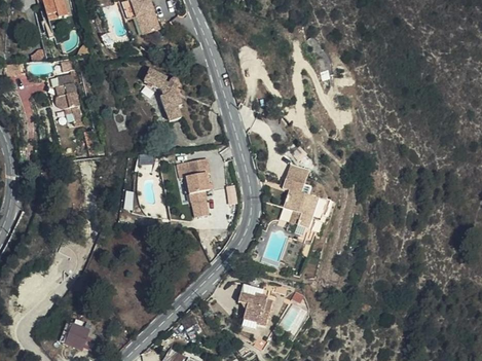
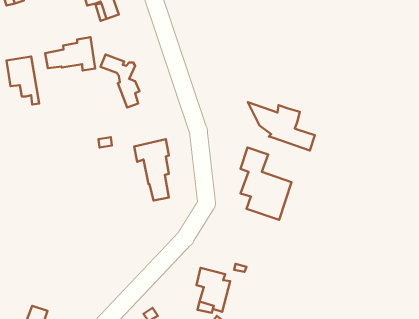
building: none -> [45,37,95,71]
building: none -> [248,102,315,150]

